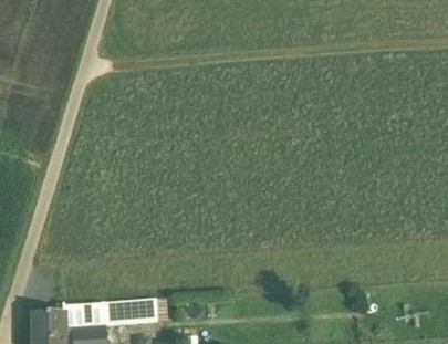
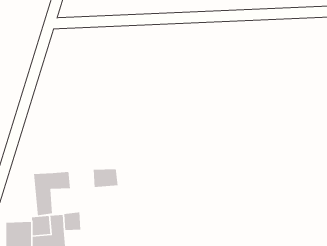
building: none -> [33,171,71,216]
building: [125,298,157,322] -> [93,168,118,188]

